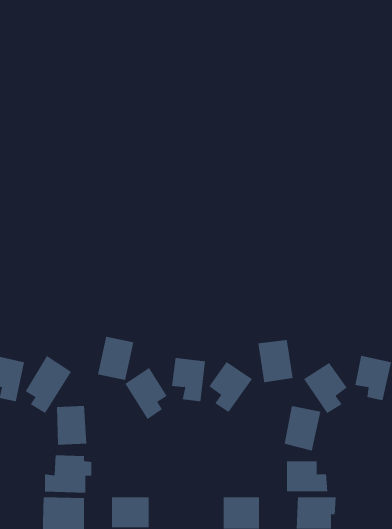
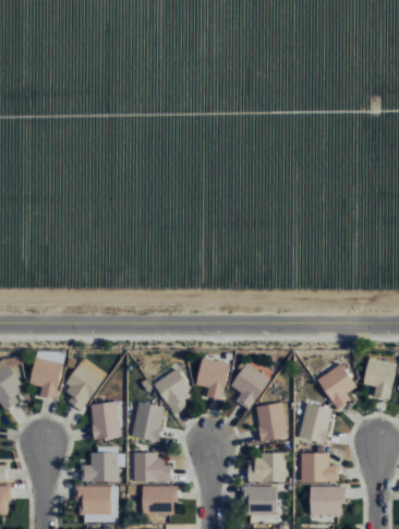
building: [97,336,134,381] -> [131,401,165,442]
building: [258,340,294,383] -> [255,402,288,442]
building: none -> [247,452,286,482]
building: none -> [133,453,171,482]

